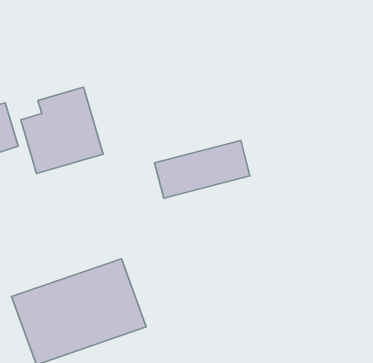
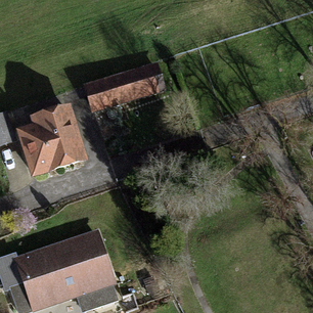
building: [155,141,250,198] -> [82,62,156,107]

